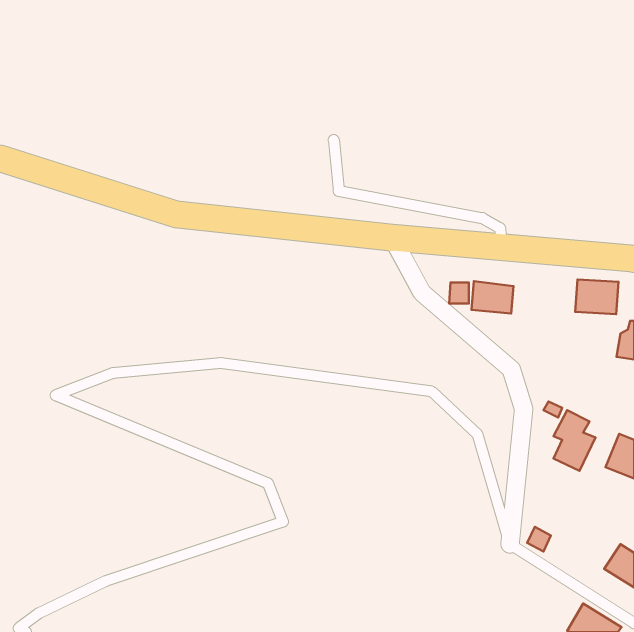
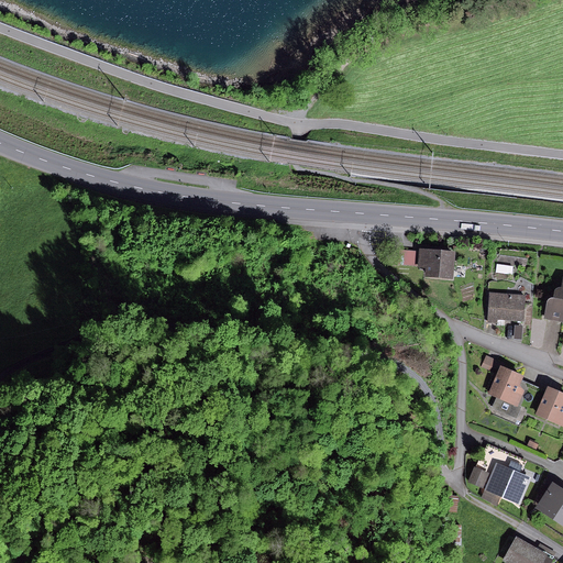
building: [575,279,619,314] -> [488,292,527,323]
building: none -> [486,461,532,503]

